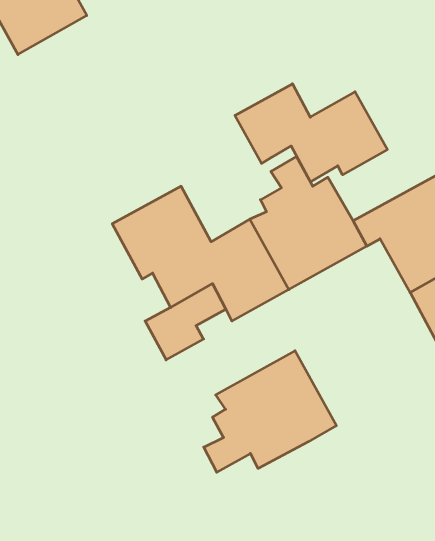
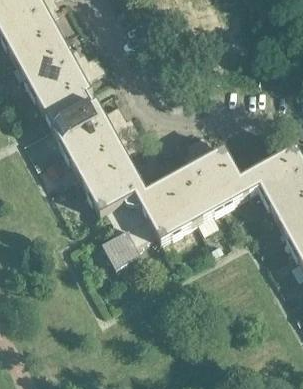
building: none -> [16,37,139,176]
building: [235,84,387,182] -> none
building: [204,351,336,472] -> none

